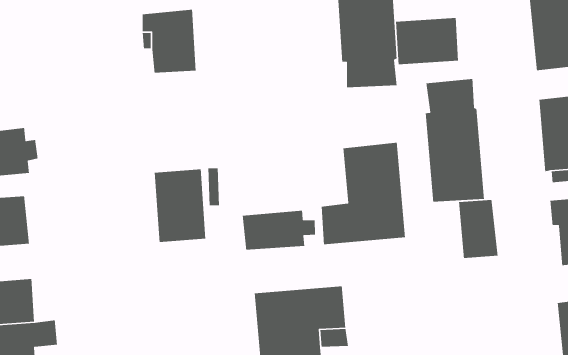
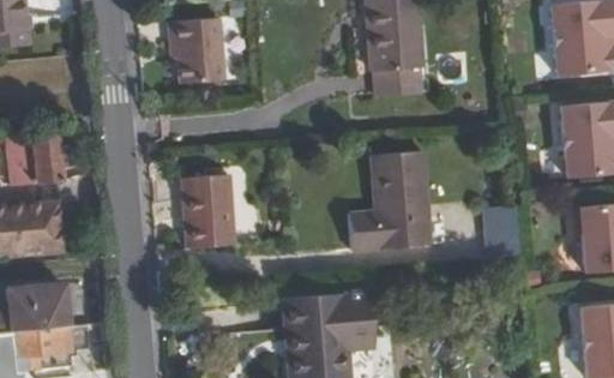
building: [395,17,459,65] -> none
building: [425,78,485,202] -> none
building: [242,210,316,250] -> none

